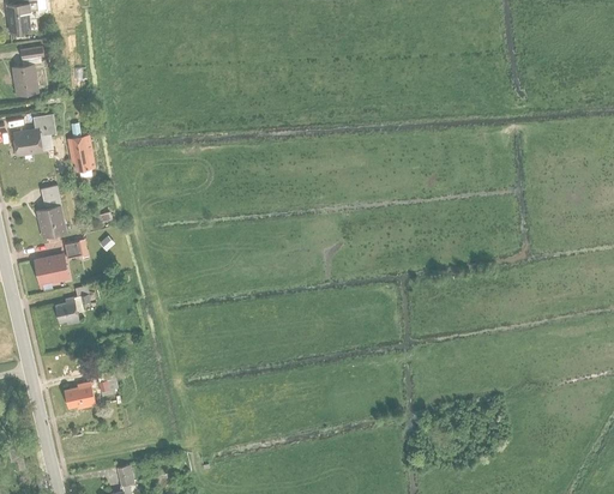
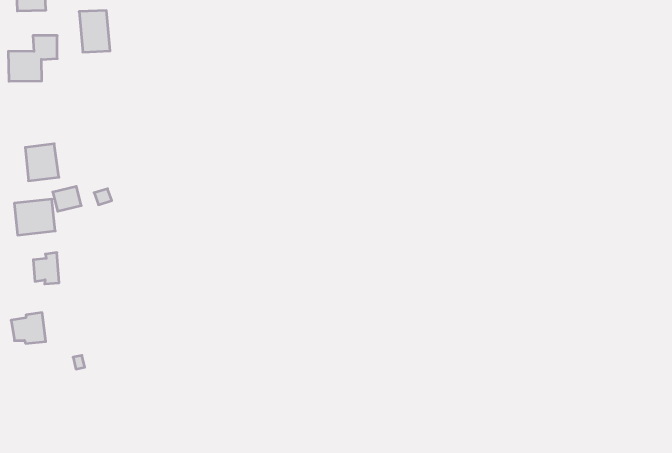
building: [65,135,95,173] -> [79,11,110,52]
building: [64,380,95,408] -> [11,313,46,343]

